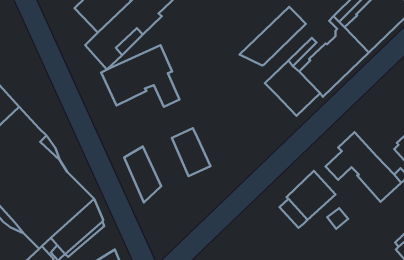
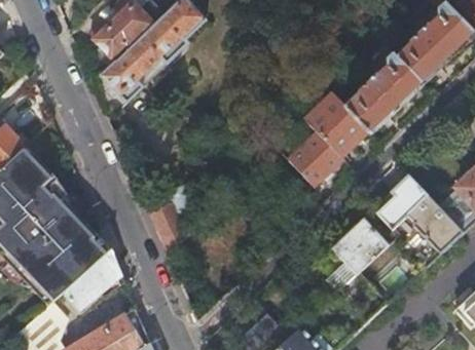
building: [240,7,306,66] -> none
building: [101,45,180,107] -> none
building: none -> [289,131,343,187]
building: [172,128,210,176] -> none

